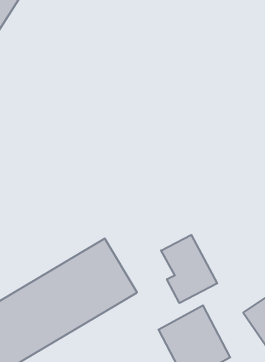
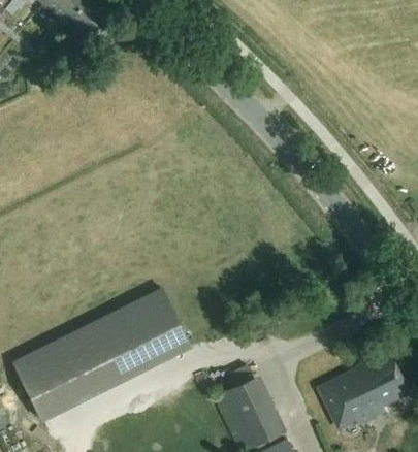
building: [161,235,217,303] -> none

